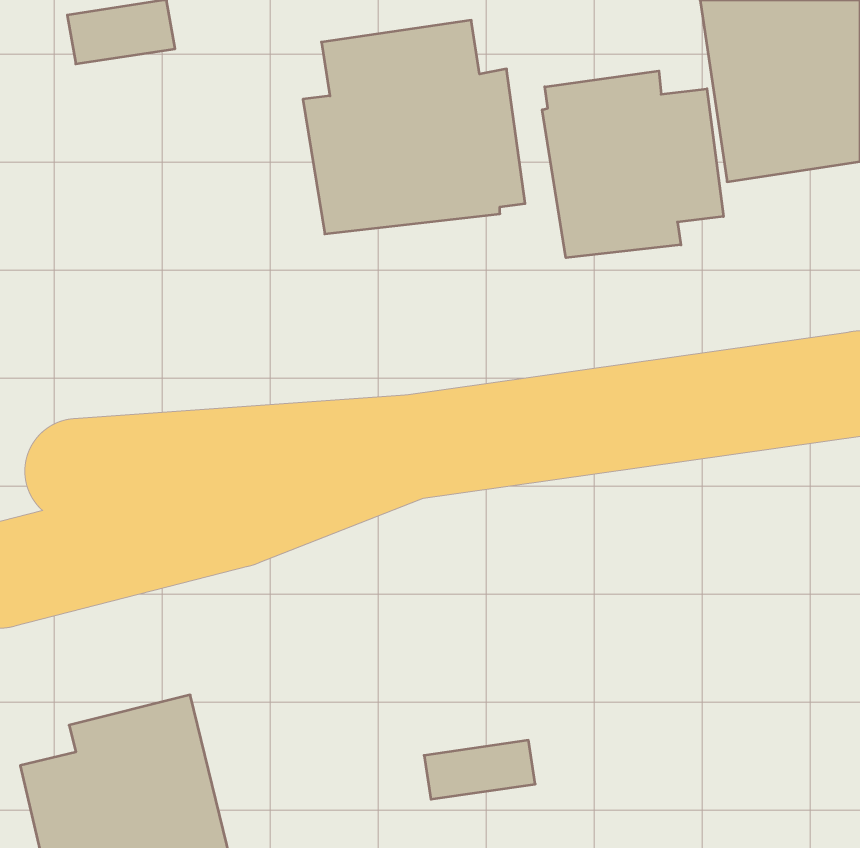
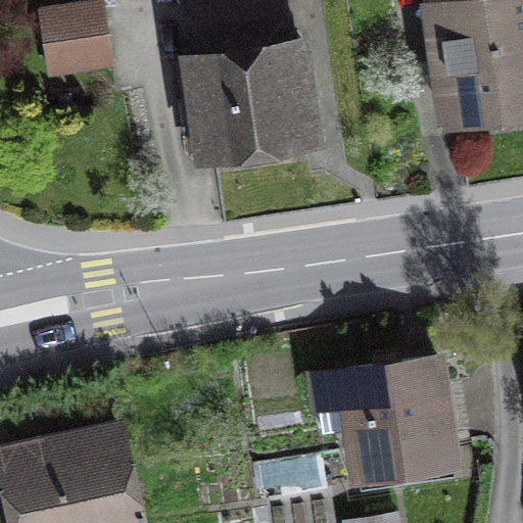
building: [542,71,723,258] -> none
building: none -> [315,362,454,488]

